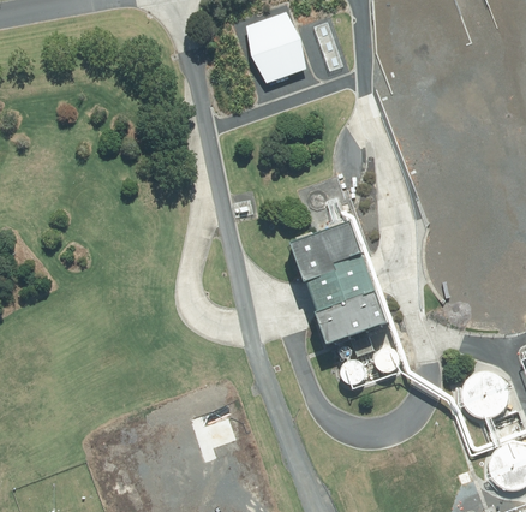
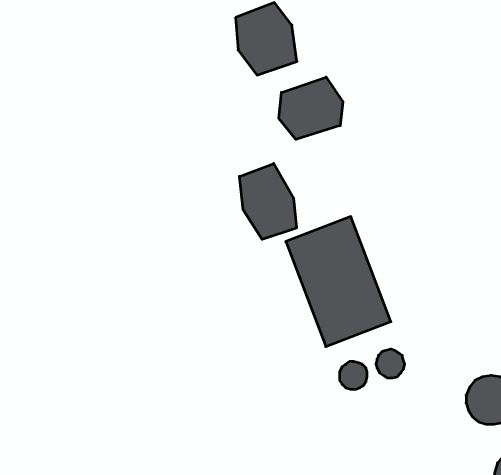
building: none -> [279,77,343,139]
building: none -> [239,163,296,239]

